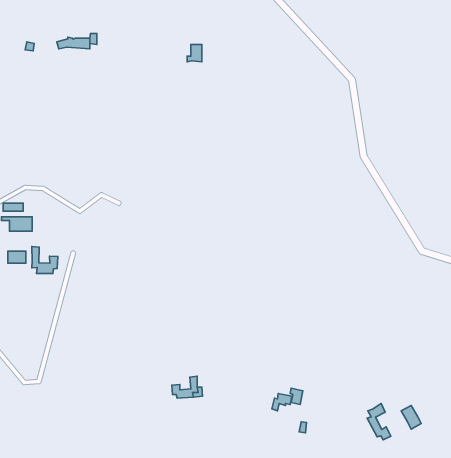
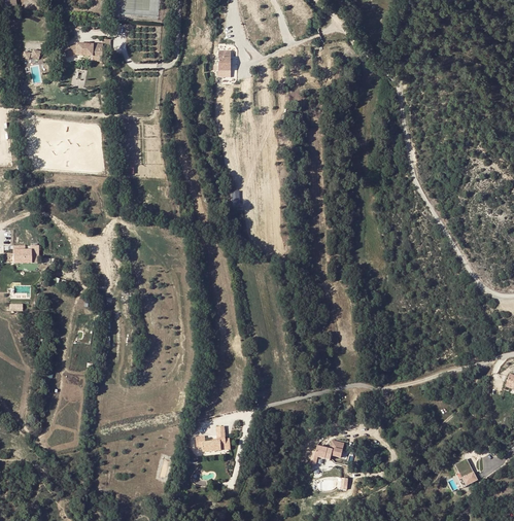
building: [32,247,58,274] -> none
building: [367,404,391,440] -> none

